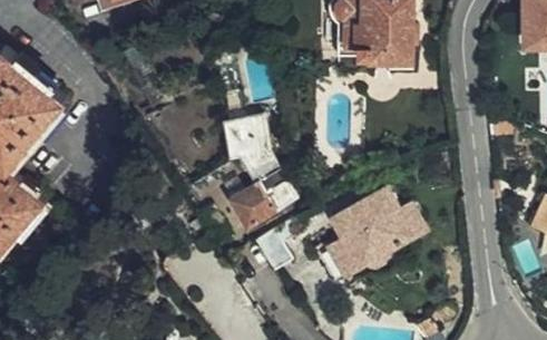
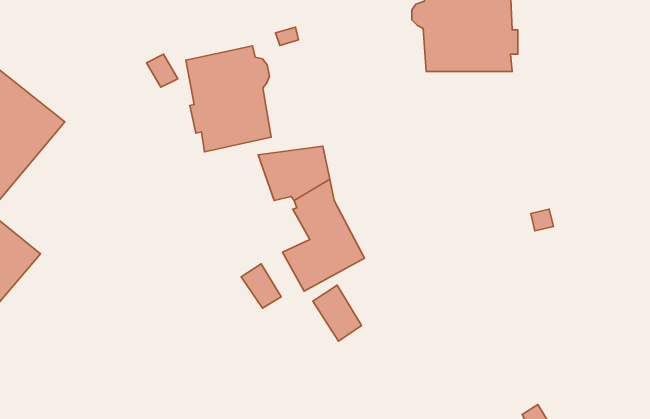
building: none -> [186,46,271,152]
building: [320,191,424,281] -> none

